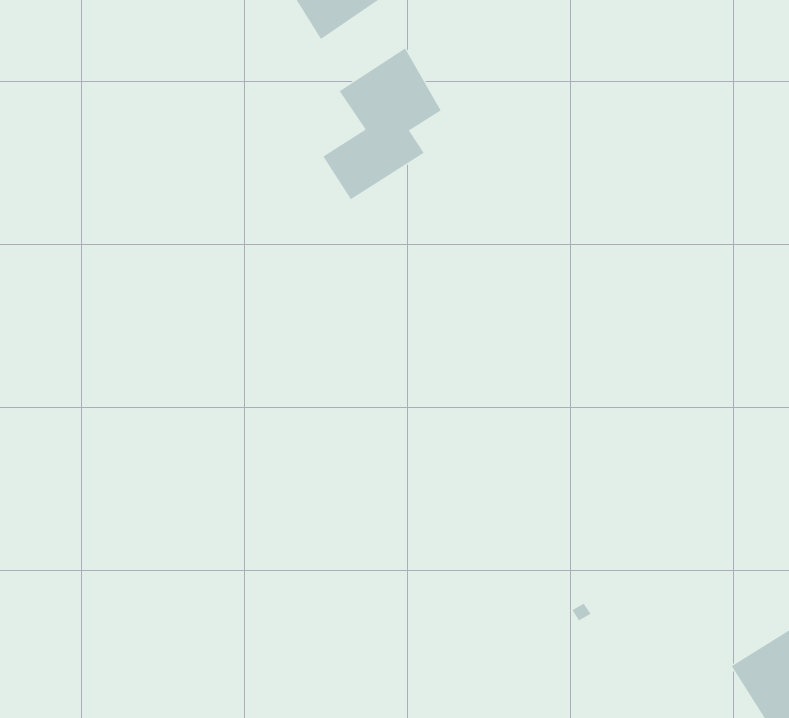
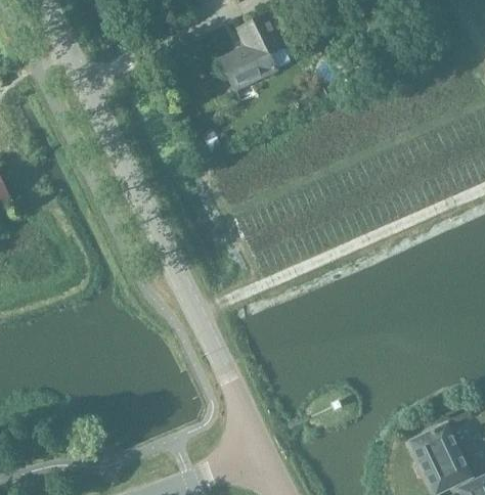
building: [323,47,441,200] -> none

